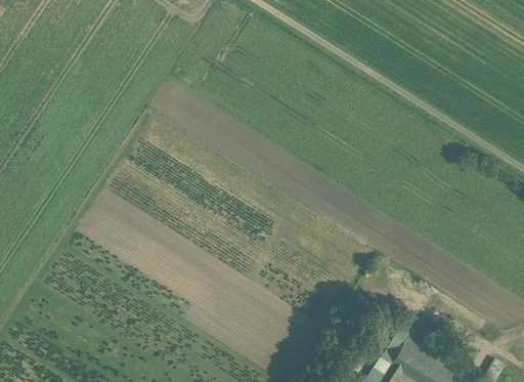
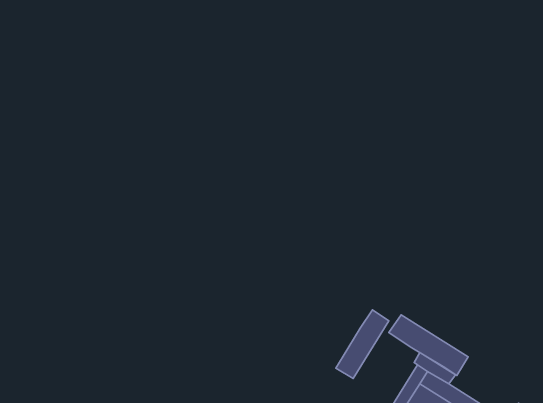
building: none -> [336,310,389,379]
building: none -> [389,315,468,375]

